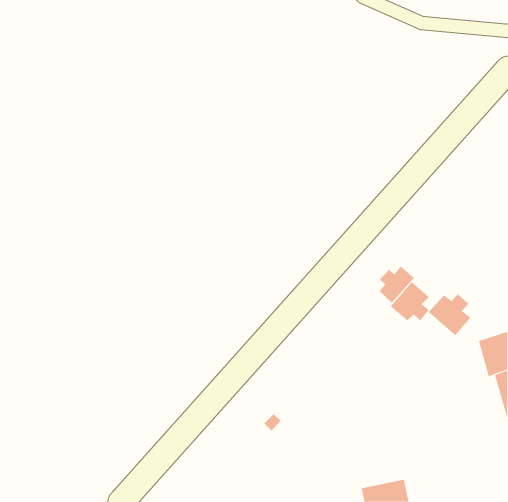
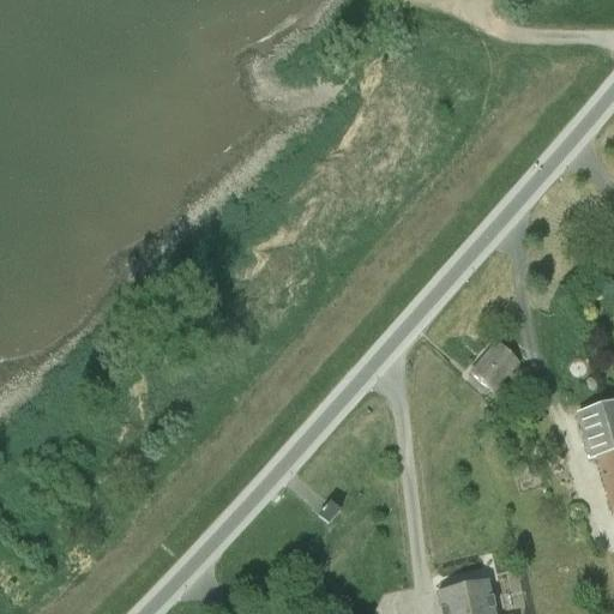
building: [379,266,415,304] -> none
building: [428,293,471,336] -> none

